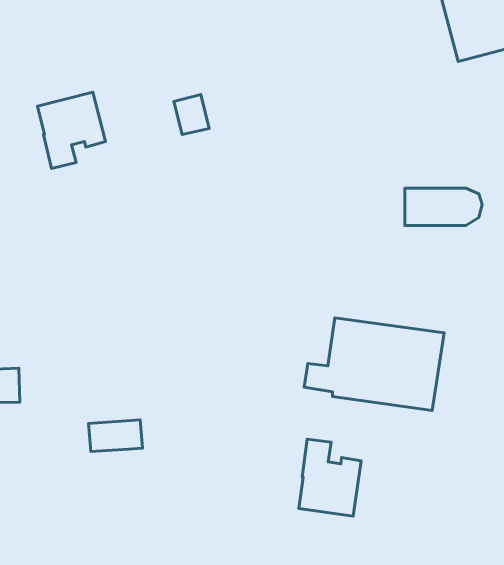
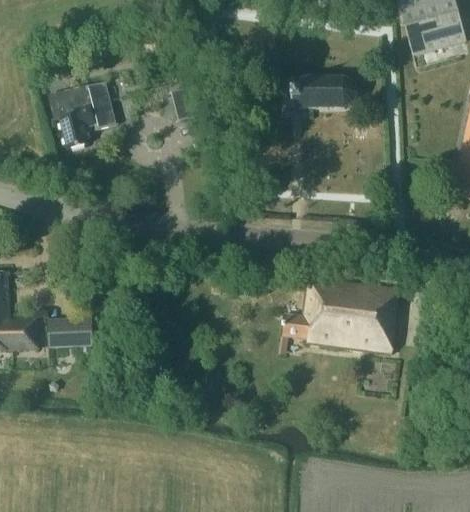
building: [405,188,482,226] -> [292,76,358,108]
building: [89,420,143,452] -> [45,321,91,348]
building: [299,439,361,516] -> none

